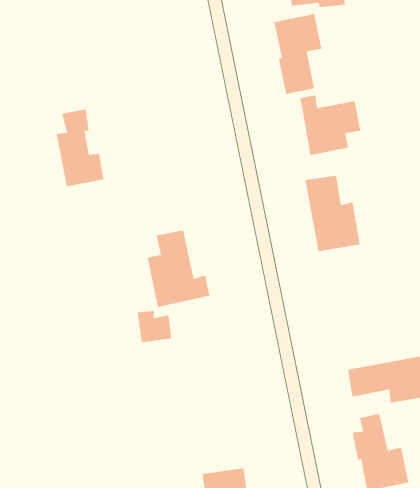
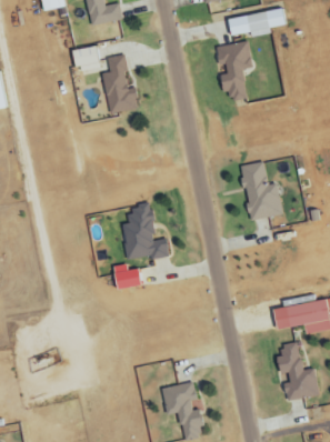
building: none -> [72,46,99,70]
building: [300,94,361,156] -> none
building: [56,109,104,187] -> [102,54,139,113]

